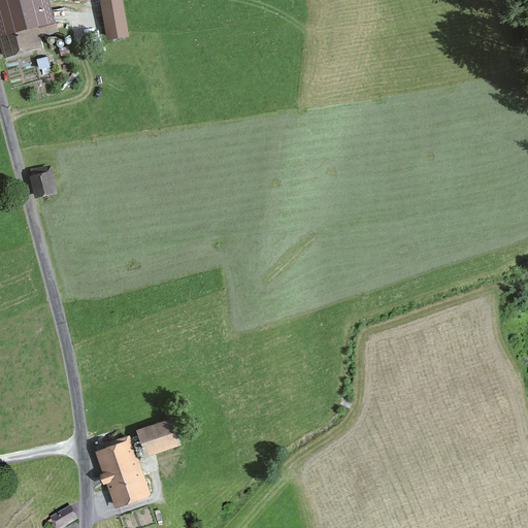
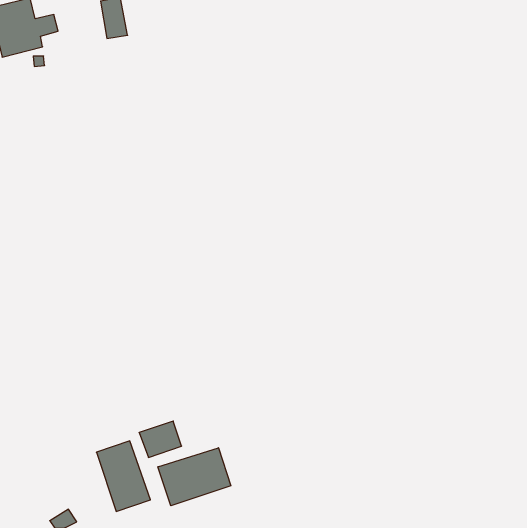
building: [31,166,57,197] -> none
building: none -> [158,448,231,506]

